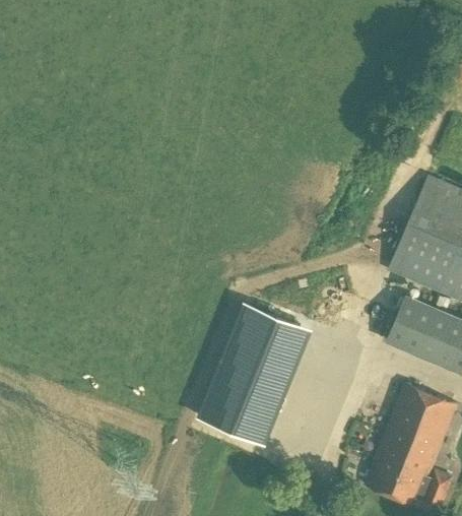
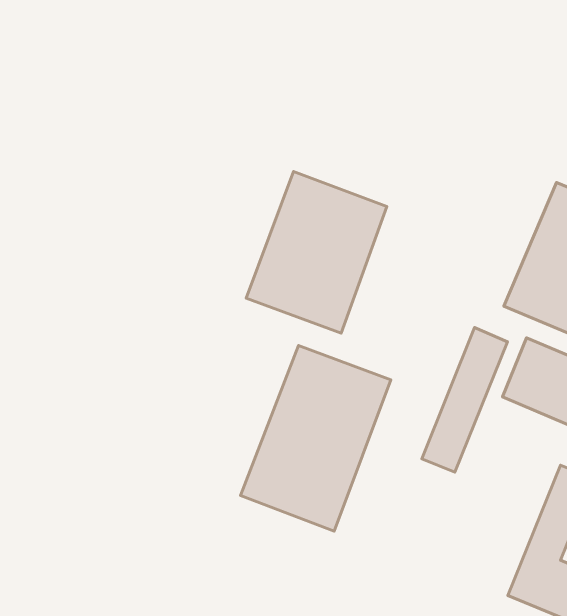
building: none -> [246,171,387,333]
building: [369,384,435,496] -> [422,327,507,472]

